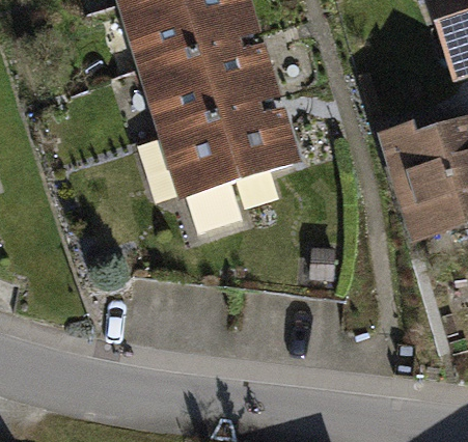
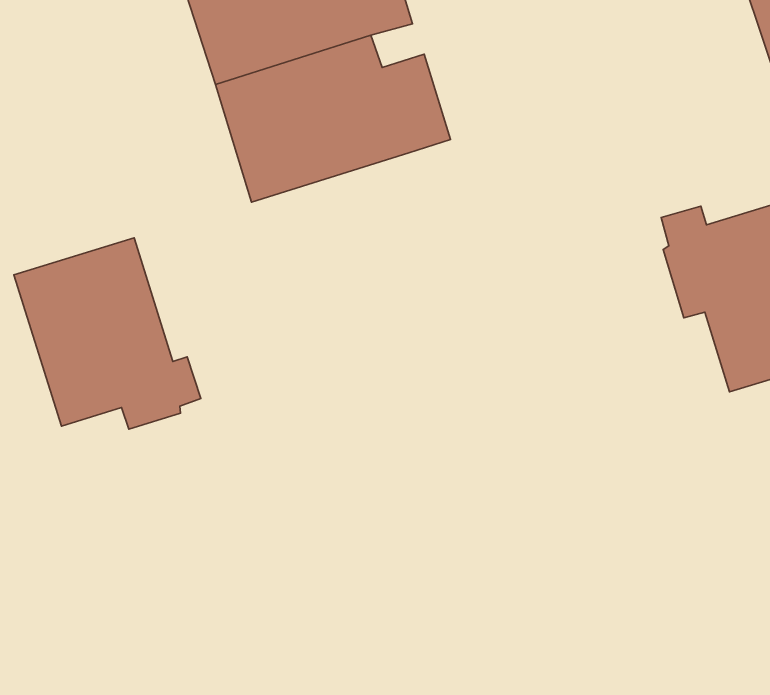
building: [165,103,293,232] -> none
building: none -> [14,238,201,429]

